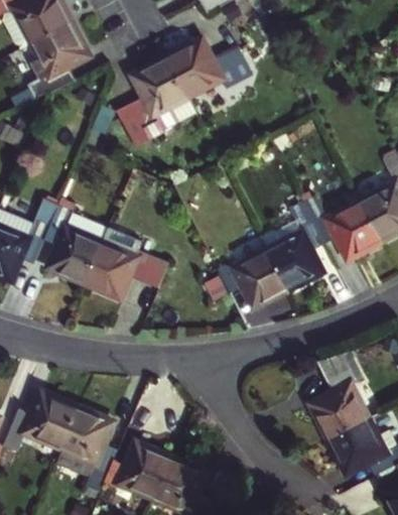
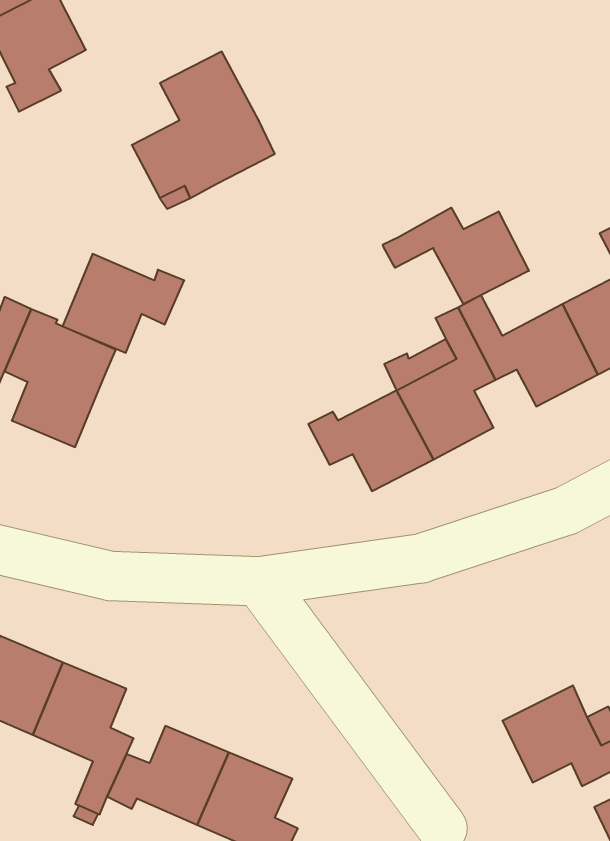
building: [167,39,251,97] -> none
building: none -> [383,208,529,304]
building: [84,242,153,298] -> [62,254,184,353]
building: [310,369,368,439] -> none

